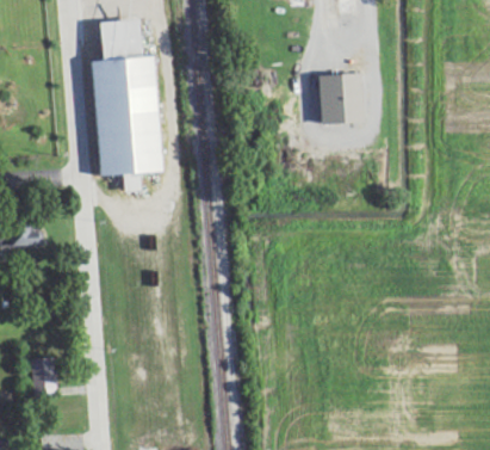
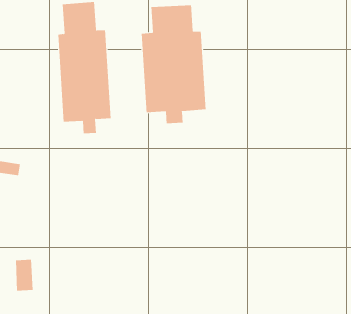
building: none -> [141,5,206,124]
building: [320,73,364,123] -> none

